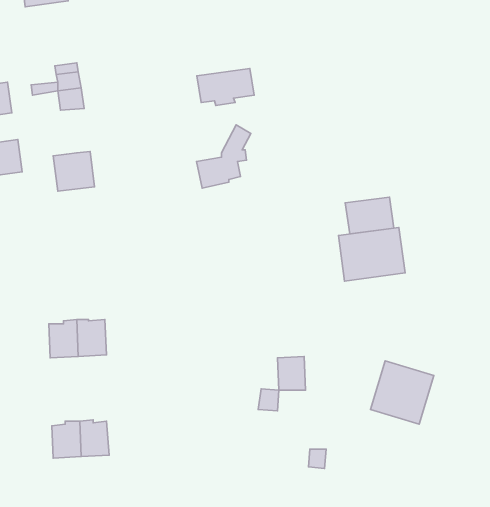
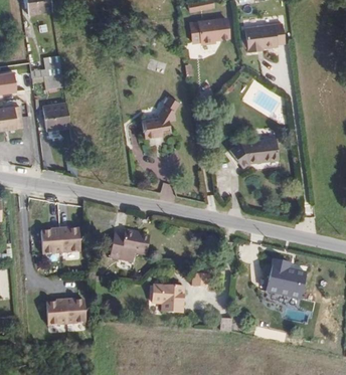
building: none -> [244,19,285,49]
building: [197,69,254,105] -> [193,15,232,40]
building: [338,227,405,281] -> none
building: none -> [108,228,147,257]
building: [277,356,305,390] -> [159,289,178,312]

